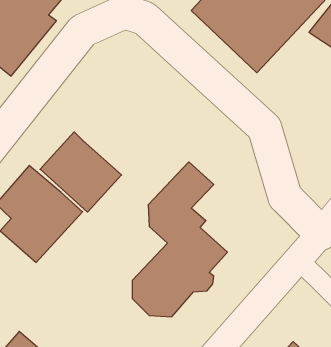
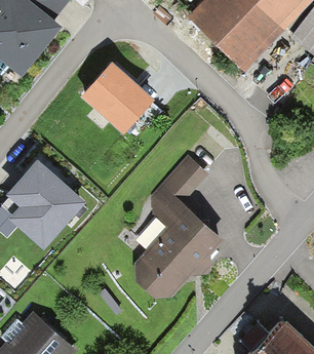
building: [40,132,122,212] -> [83,64,157,136]

